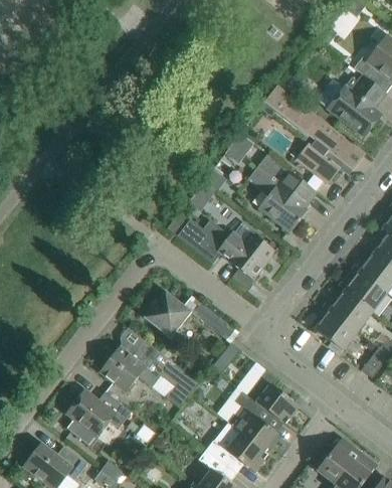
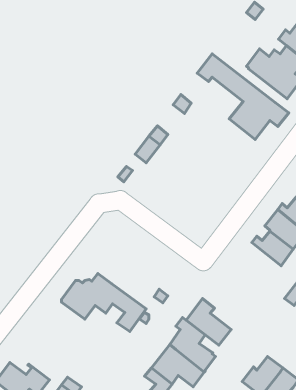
building: [245,154,317,231] -> none
building: [177,218,275,280] -> none
building: [143,290,220,338] -> none
building: [315,304,357,350] -> none
building: [66,390,132,437] -> none

